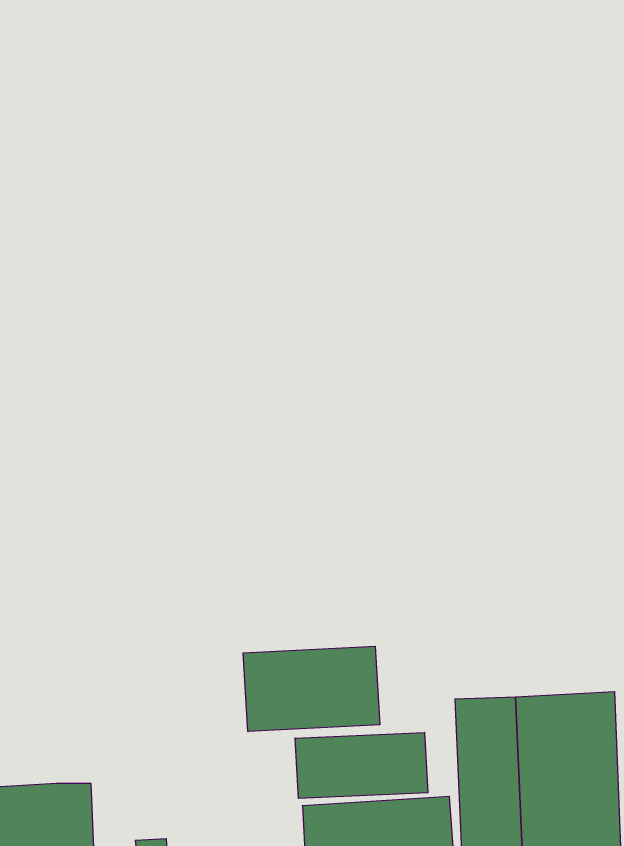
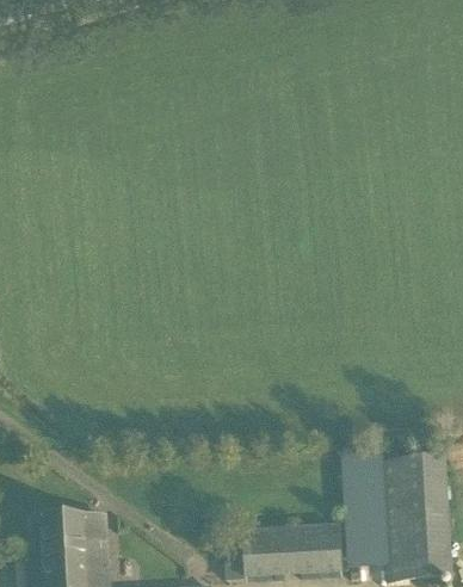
building: [243,646,380,732] -> none
building: [295,732,428,798] -> none

